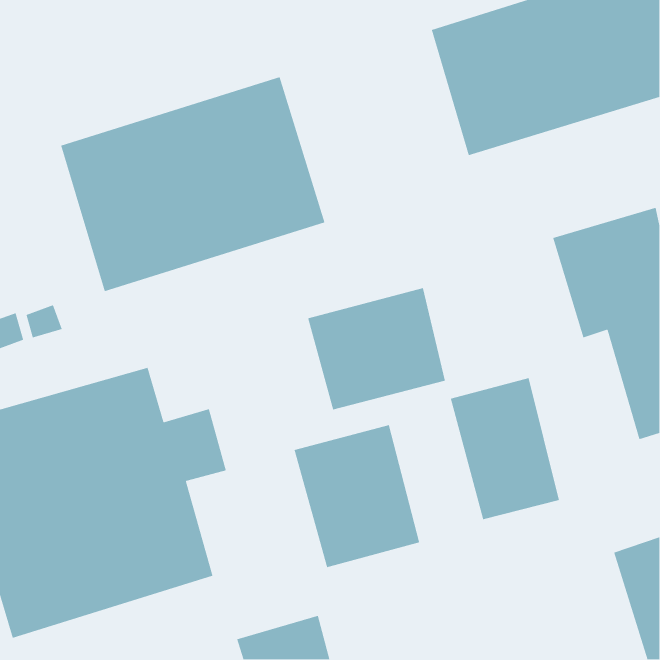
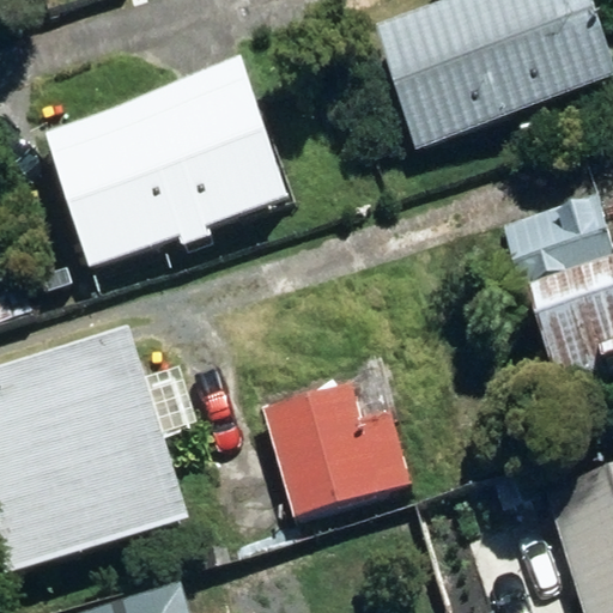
building: [307,287,446,411] -> none
building: [450,377,560,520] -> none

